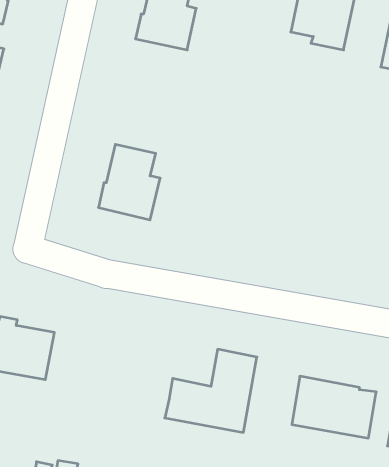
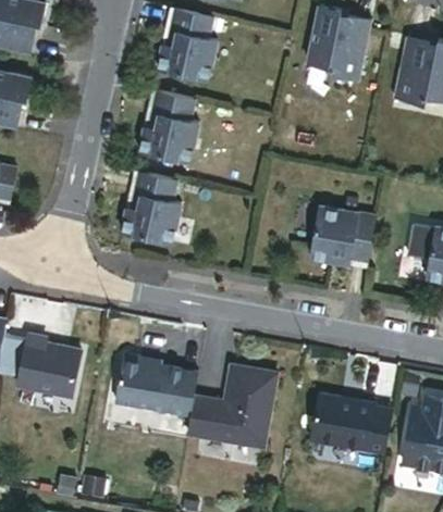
building: none -> [139,90,198,162]
building: none -> [309,207,376,263]
building: none -> [114,357,198,416]

